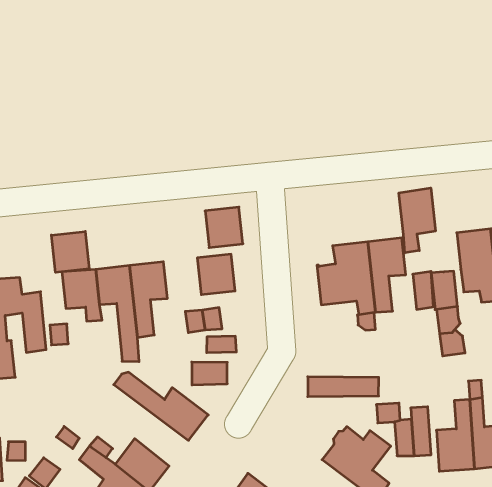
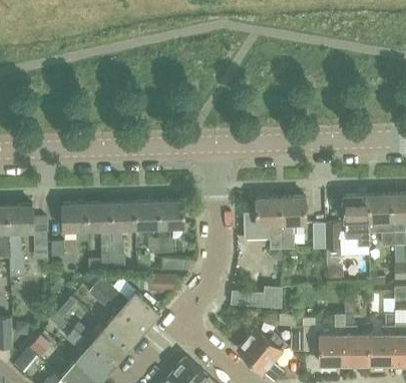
building: [399,188,435,253] -> none
building: [205,207,243,248] -> [134,202,159,229]
building: [51,231,89,272] -> none
building: none -> [88,287,143,347]

